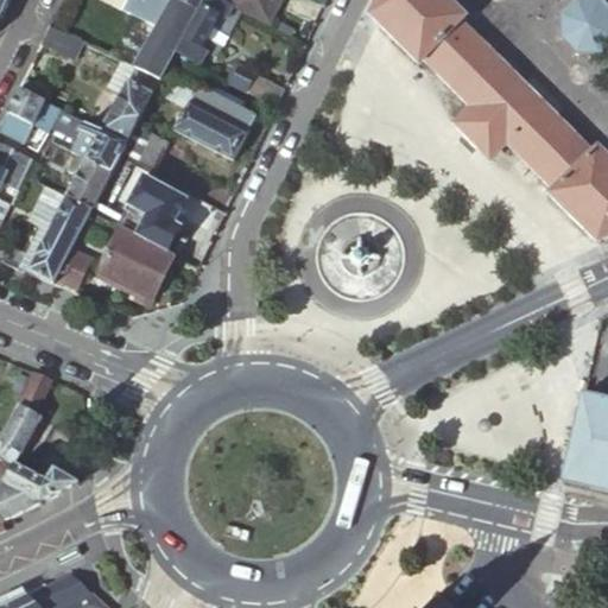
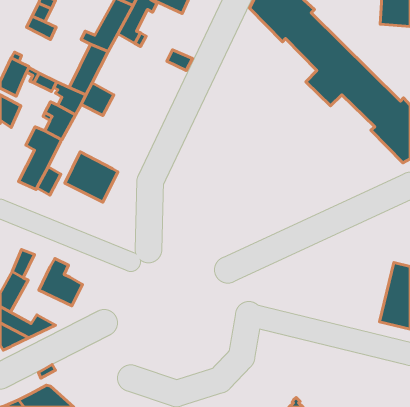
building: [164,71,255,159] -> none
building: [115,173,186,249] -> none
building: none -> [39,258,83,306]

